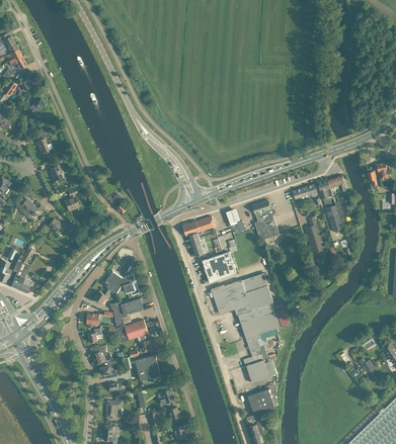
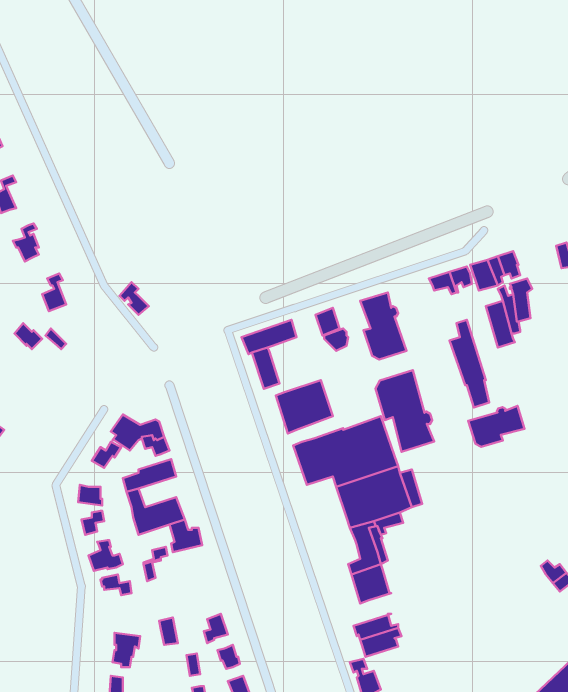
building: none -> [376,370,434,452]
building: none -> [468,406,525,447]
building: [135,353,166,383] -> none

